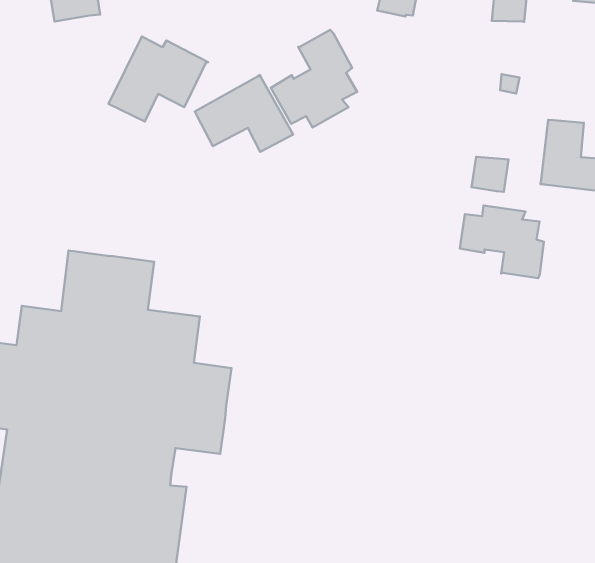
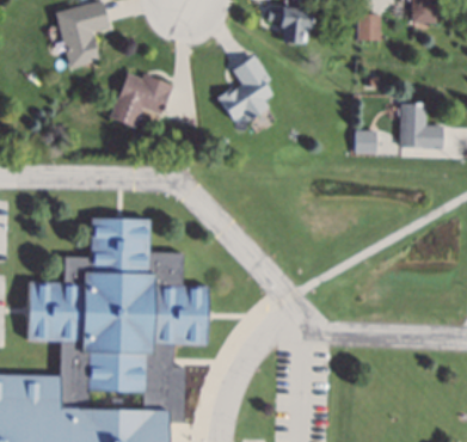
building: [195,75,293,152] -> none
building: [460,205,544,278] -> none

